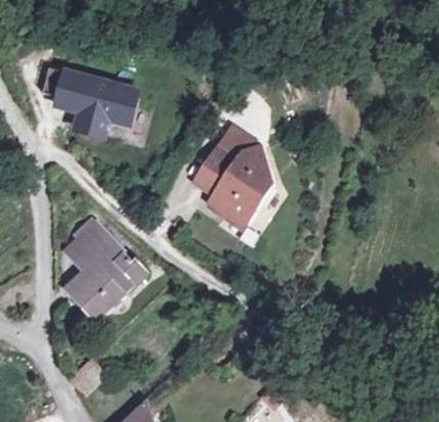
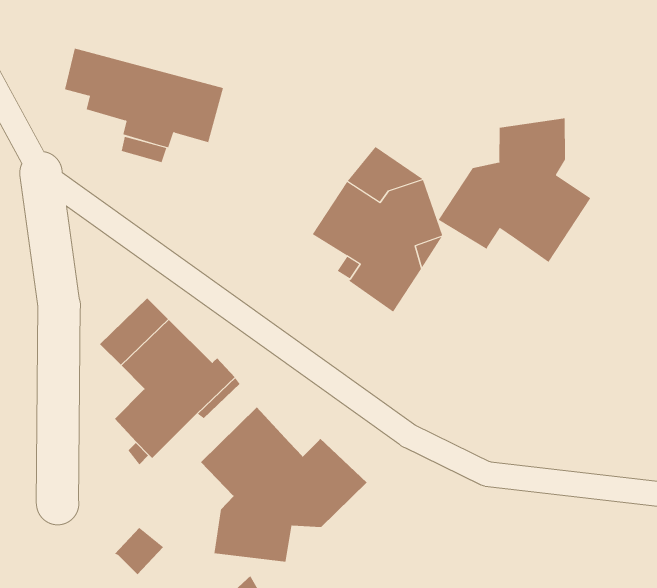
building: none -> [438,117,591,263]
building: none -> [200,407,368,562]

